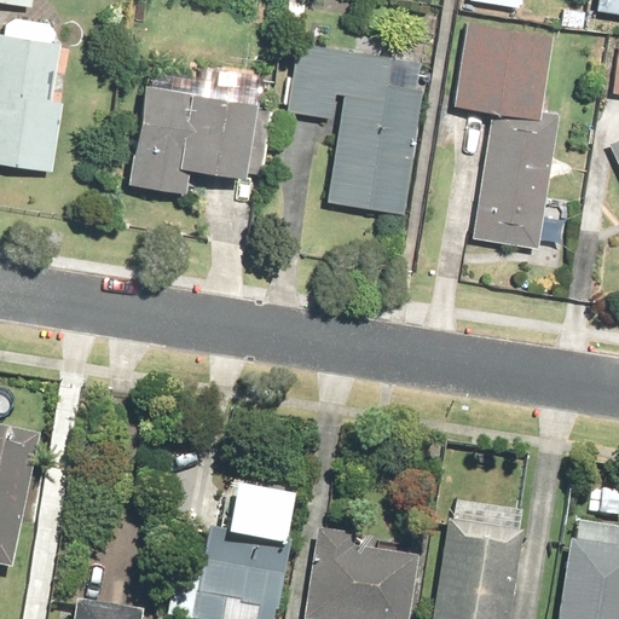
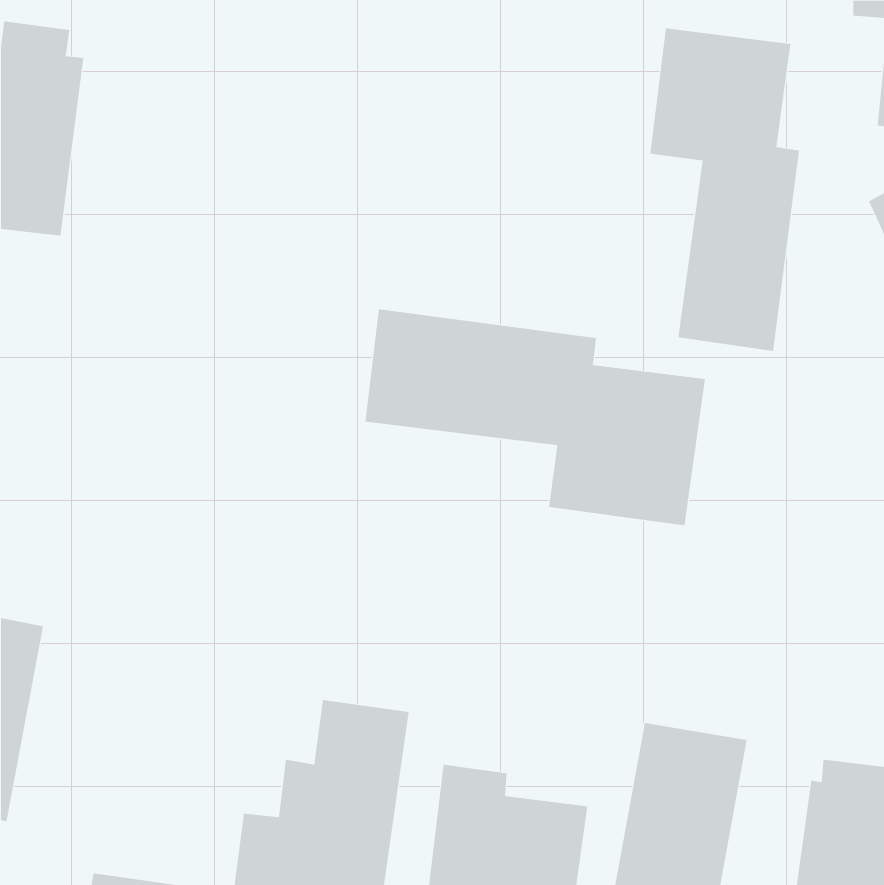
building: [285,39,422,215] -> none
building: [128,85,273,191] -> none
building: none -> [365,309,705,526]

